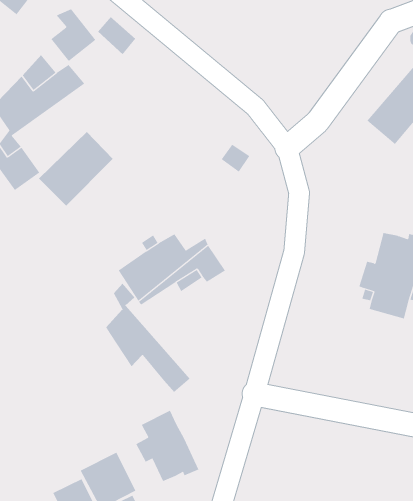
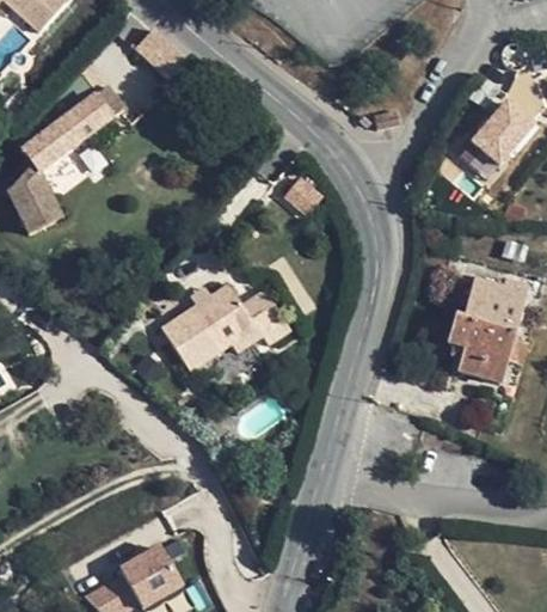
building: [51,8,96,62] -> none
building: [38,131,114,206] -> none
building: [106,283,190,393] -> none
building: [135,410,199,482] -> none

